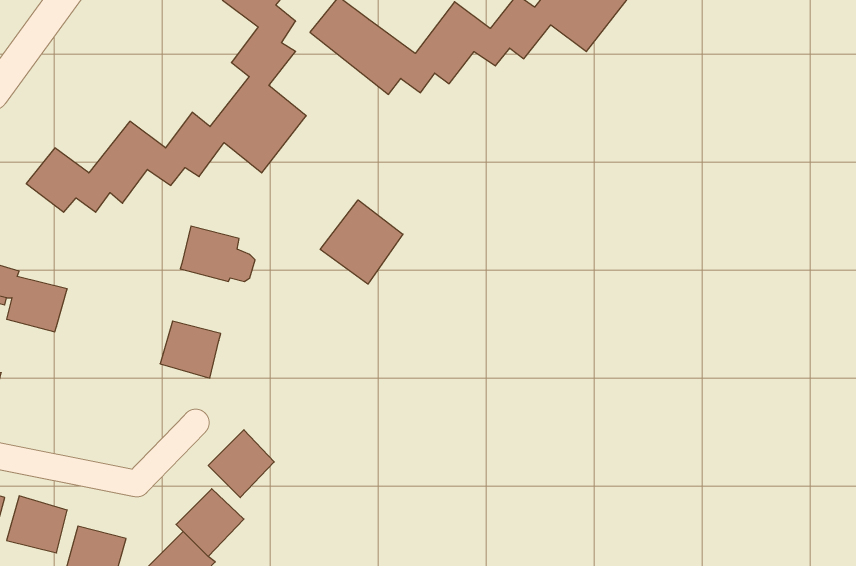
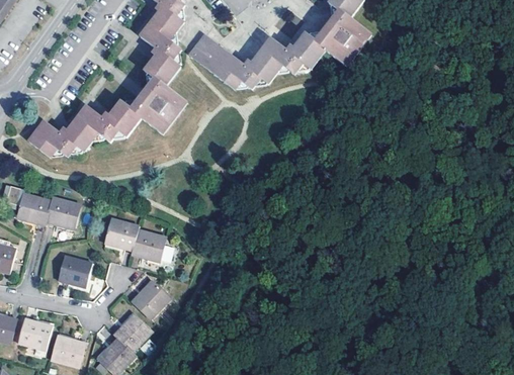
building: [320,200,403,284] -> none
building: [180,226,255,281] -> [131,228,173,260]
building: none -> [45,196,78,227]
building: none -> [57,255,90,286]

